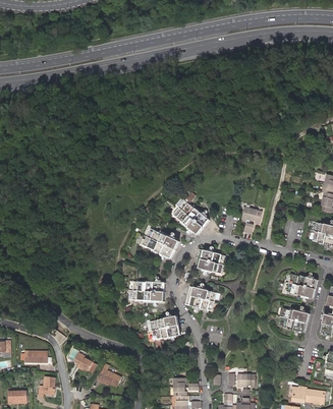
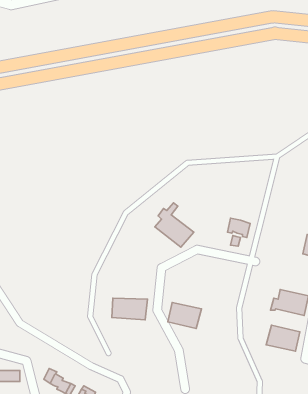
building: [143,228,179,258] -> none
building: [193,248,226,274] -> none
building: [150,316,180,340] -> none

